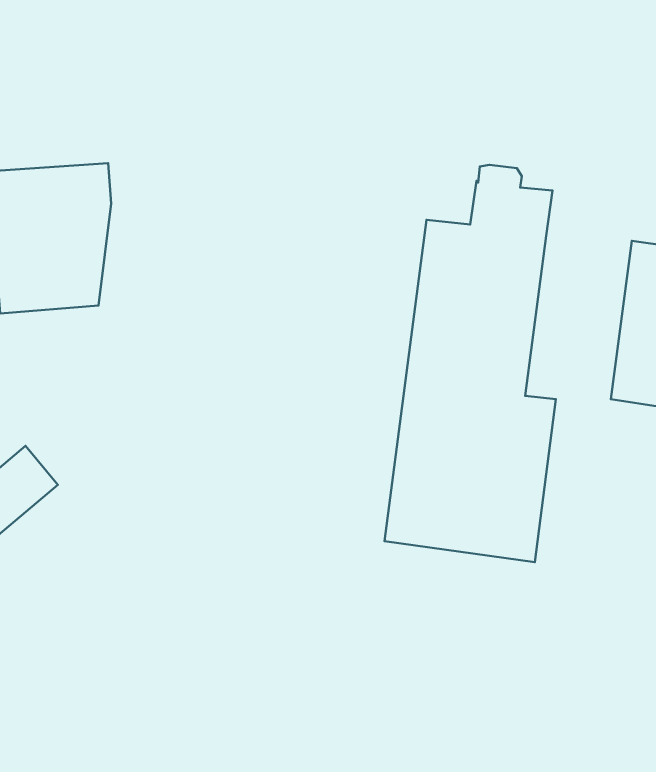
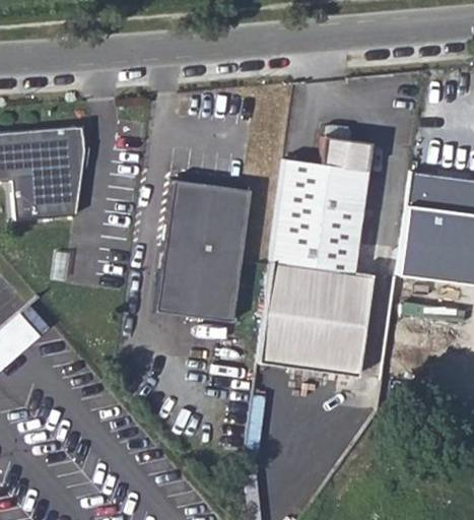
building: none -> [159,181,255,321]

